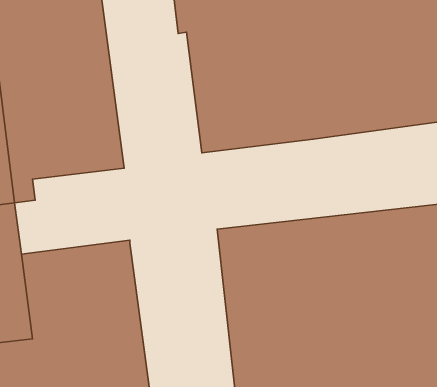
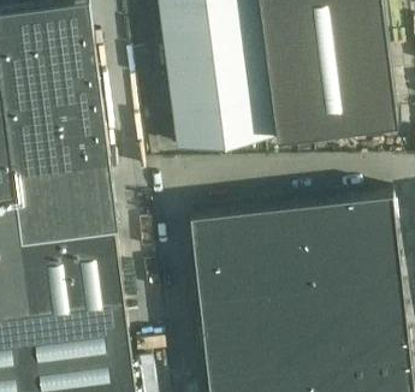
building: none -> [14,168,118,243]

